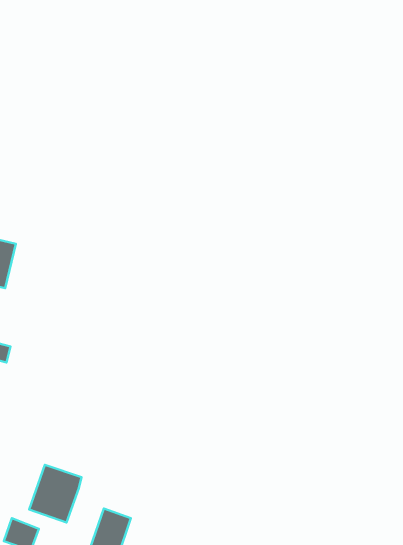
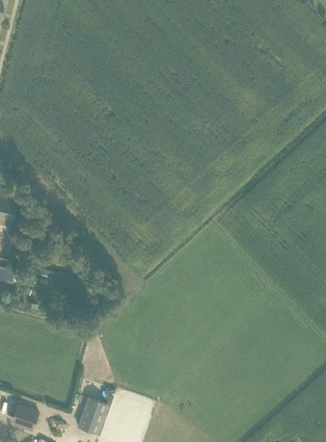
building: [29,465,82,522] -> none

